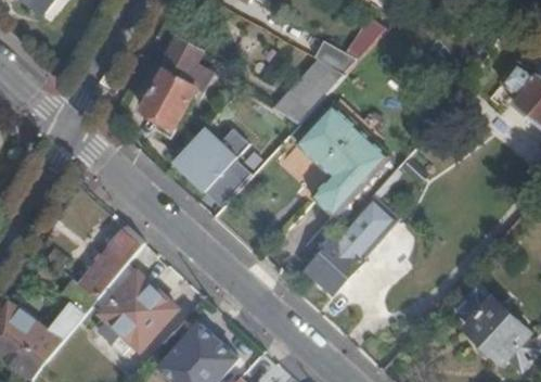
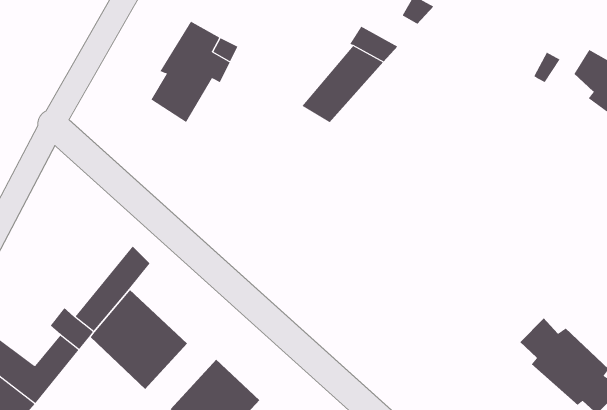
building: [294,103,388,216] -> none
building: [177,123,257,202] -> none
building: [306,198,397,295] -> none

